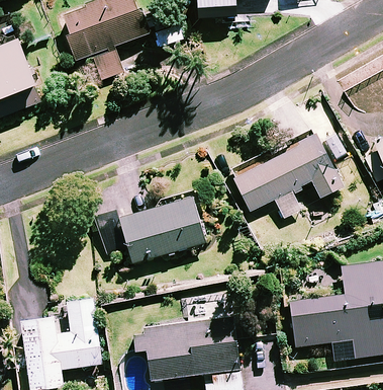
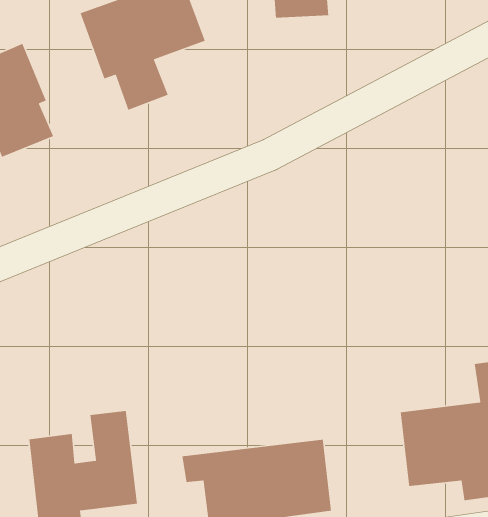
building: [232,132,340,219] -> none
building: [119,194,206,263] -> none

